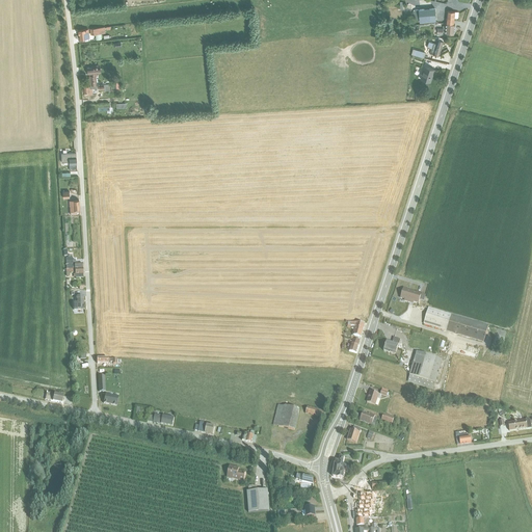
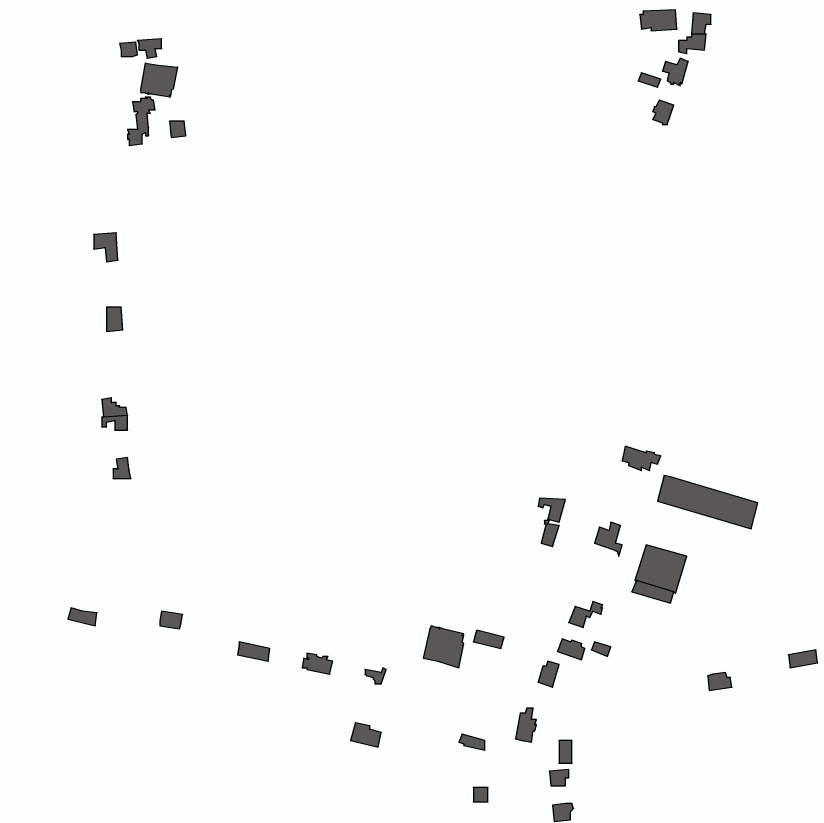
building: none -> [141,63,178,97]
building: [246,488,269,511] -> none

